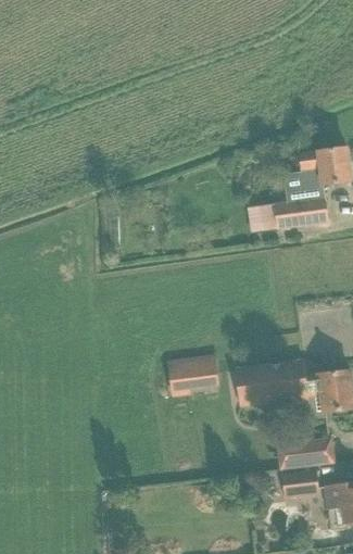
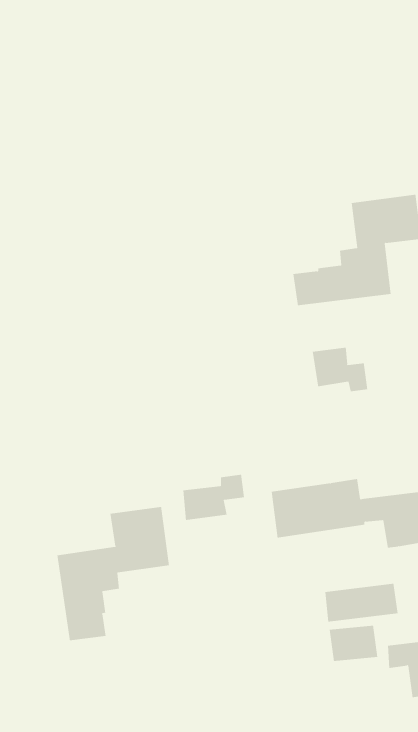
building: none -> [312,347,368,392]
building: none -> [57,506,169,641]

